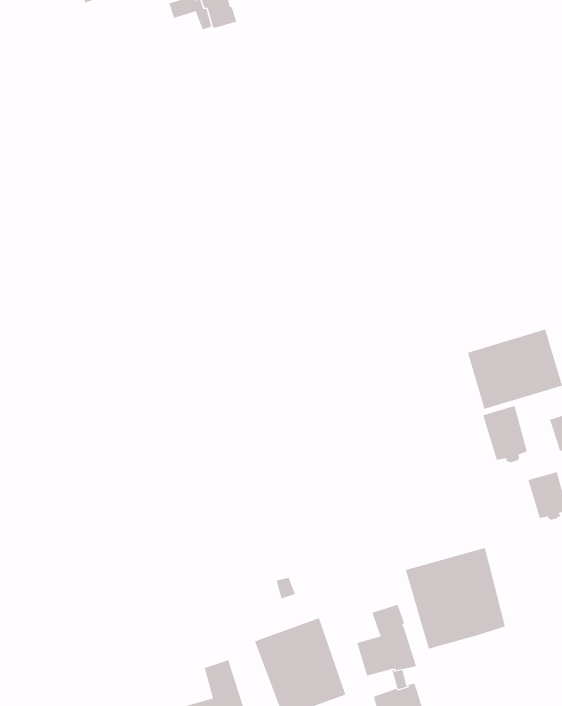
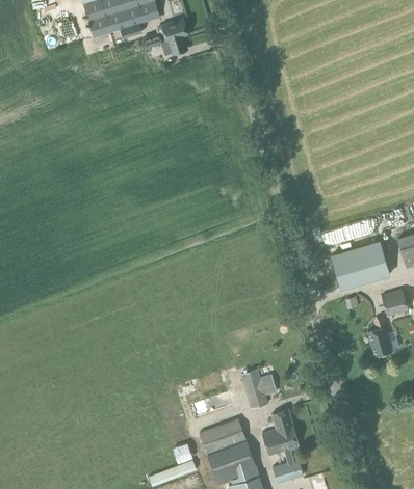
building: [482,405,528,463] -> none
building: none -> [241,371,266,407]
building: [405,547,506,649] -> none

